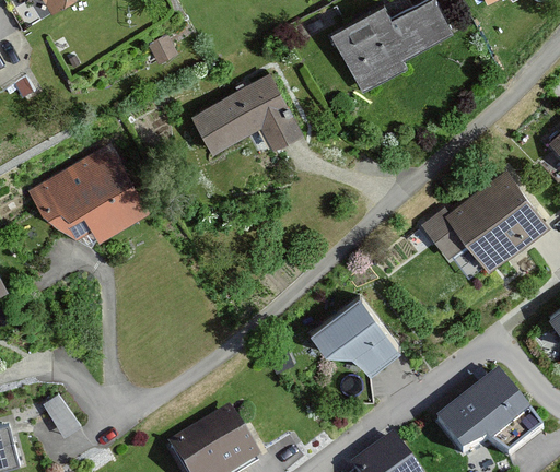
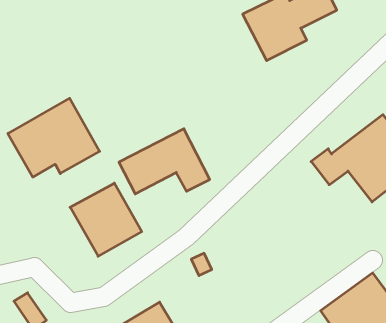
building: [189,71,305,154] -> [119,129,210,194]
building: none -> [70,183,142,256]
building: [308,292,397,366] -> none

